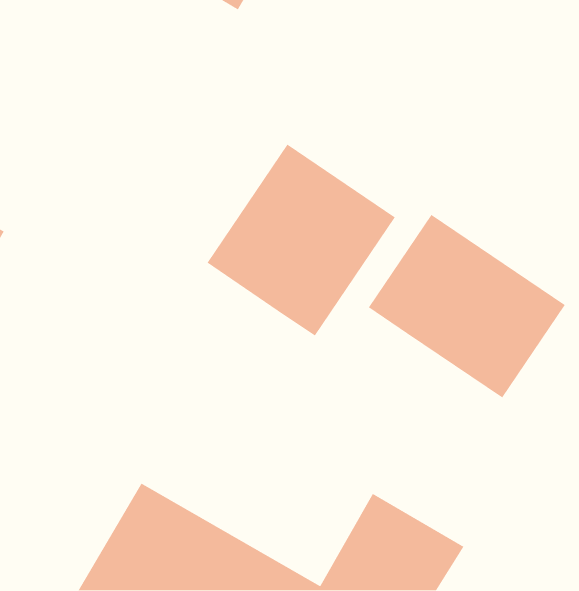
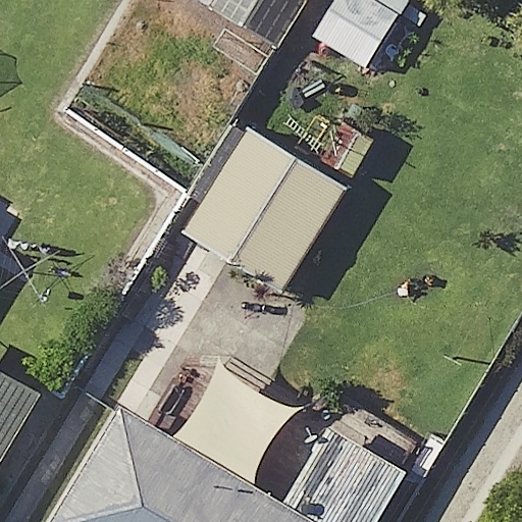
building: [368,214,566,398] -> none

